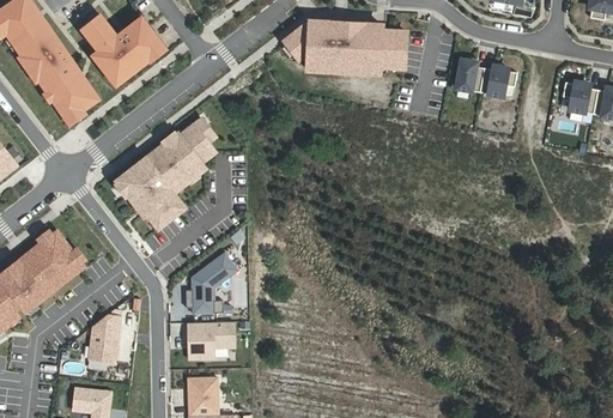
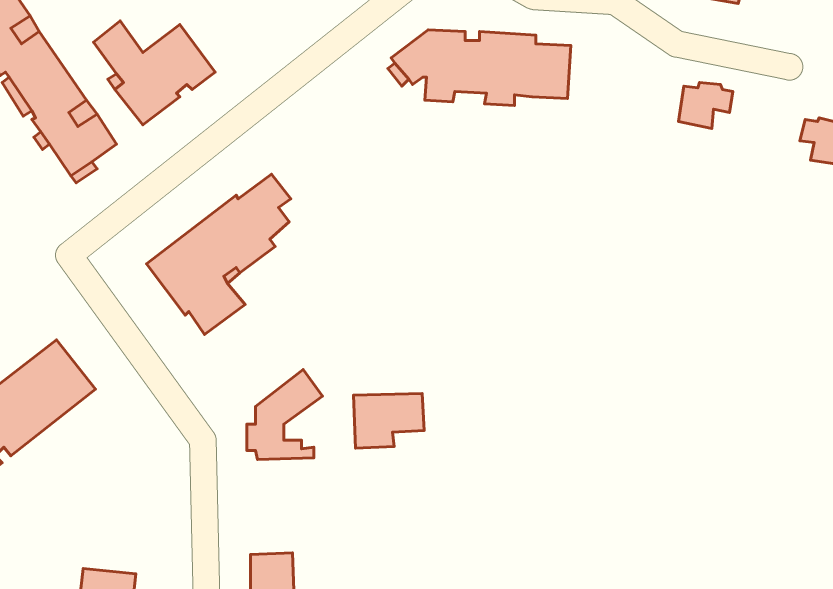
building: [456,52,482,84] -> none
building: [90,315,121,362] -> none
building: [187,322,235,359] -> [354,394,424,448]

